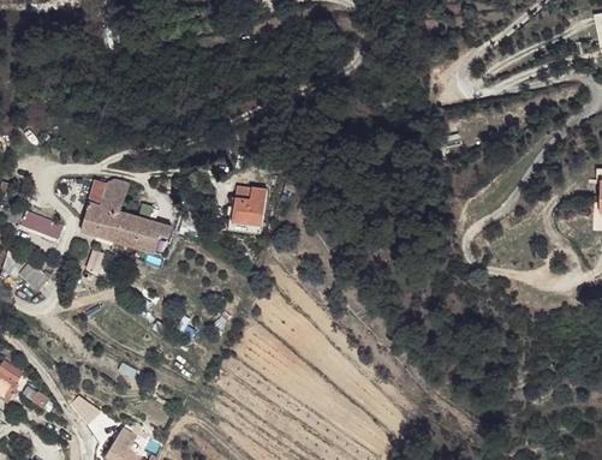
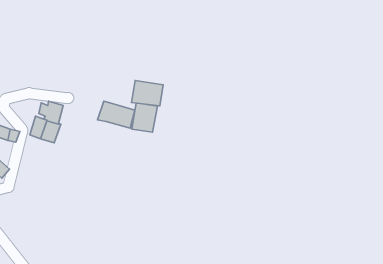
building: none -> [132,80,163,106]
building: [117,213,172,252] -> [97,101,135,128]

